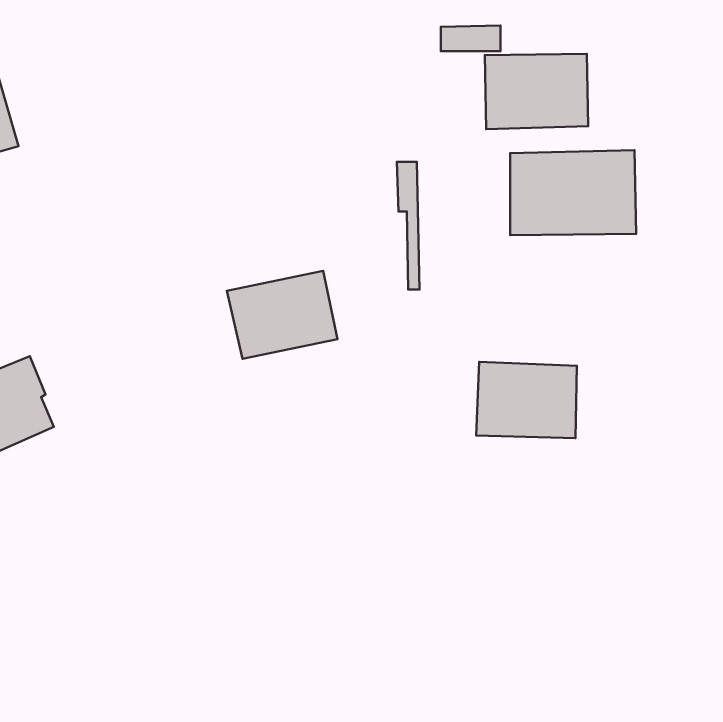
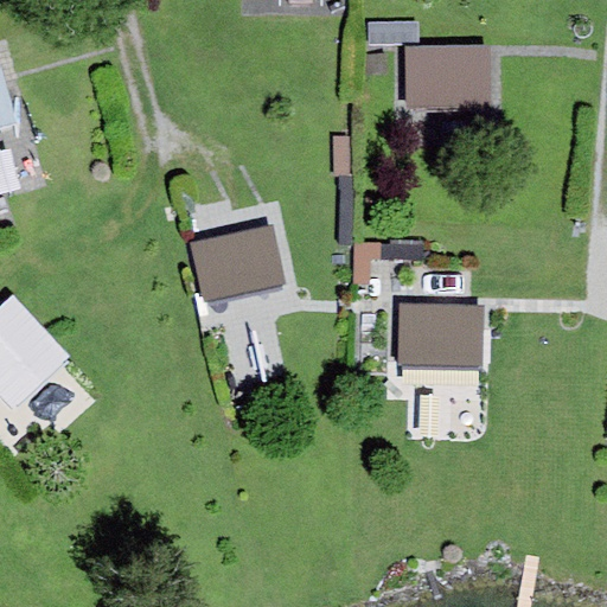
building: [510,150,636,235] -> none

